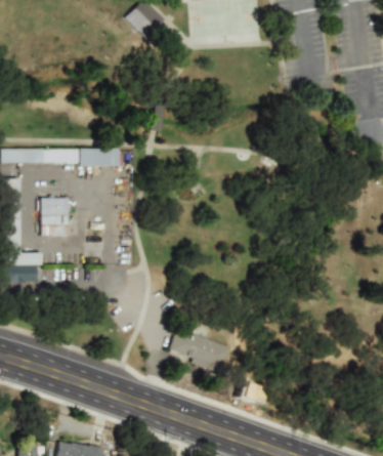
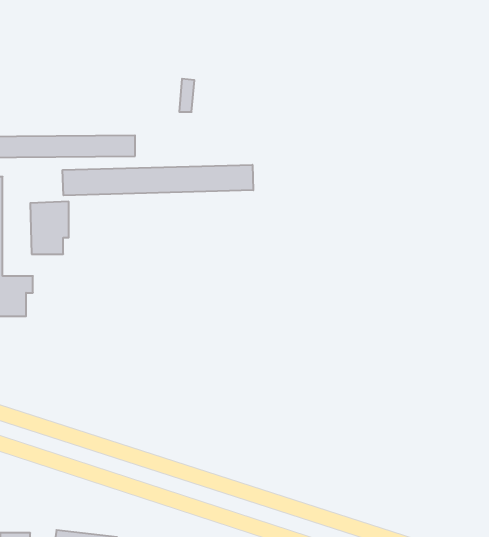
building: none -> [63,165,253,195]
building: [172,329,231,373] -> none

